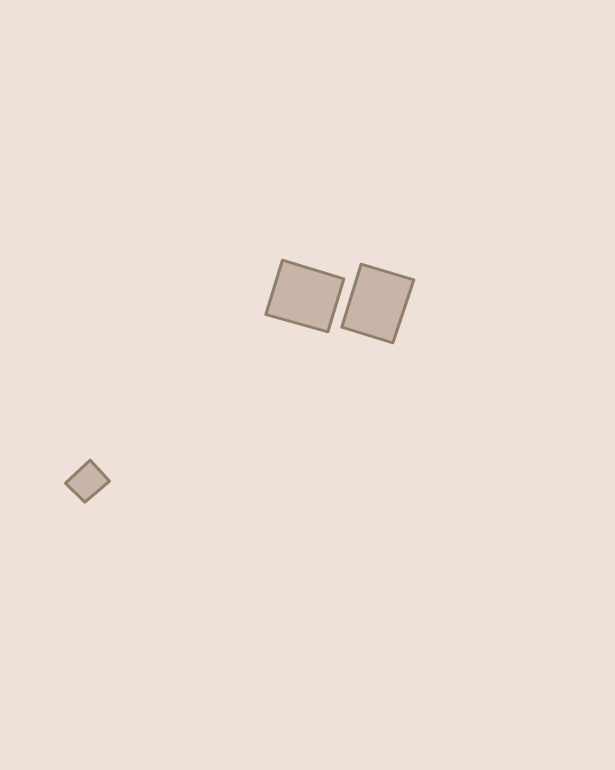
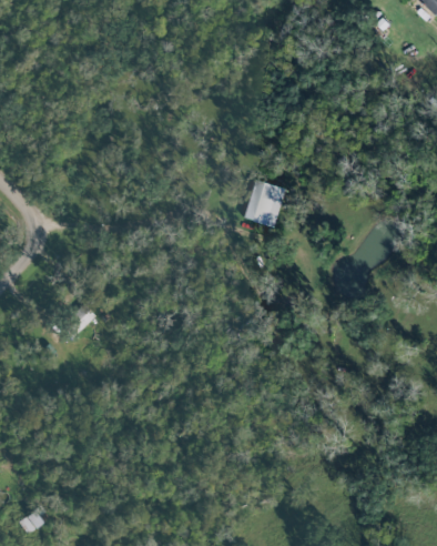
building: [266,260,344,332] -> none

